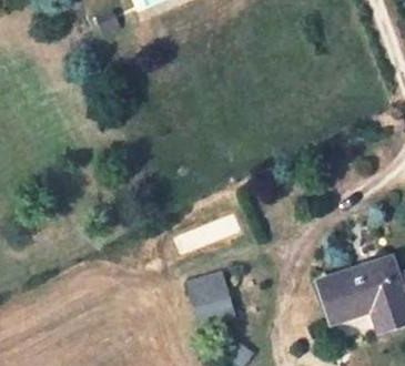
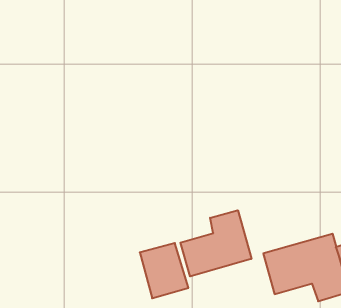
building: none -> [180,210,251,276]

